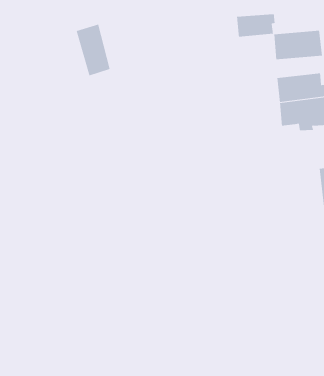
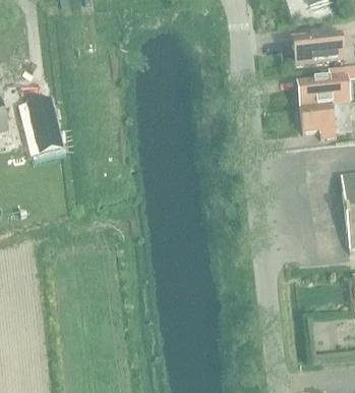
building: [237,13,275,38] -> none
building: [76,24,111,76] -> [27,98,63,152]

